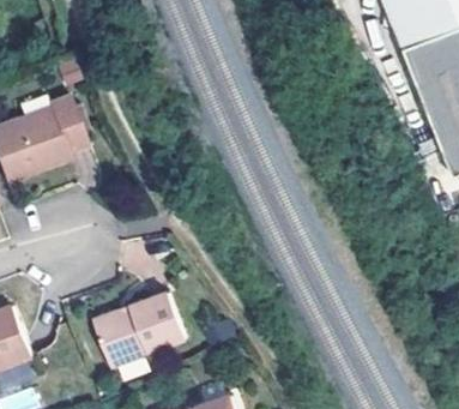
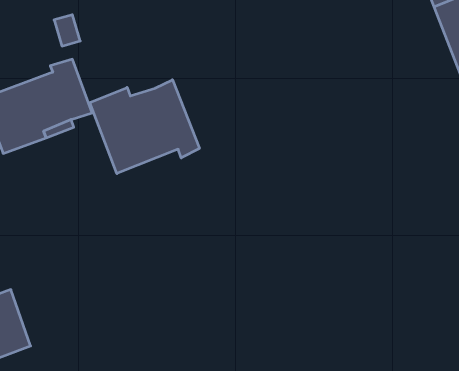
building: none -> [90,80,199,174]
building: [95,293,186,366] -> none

